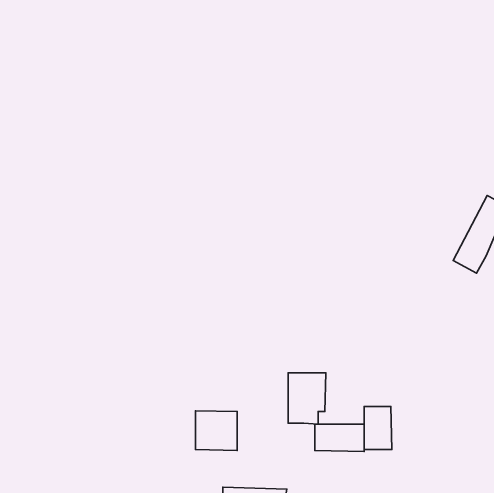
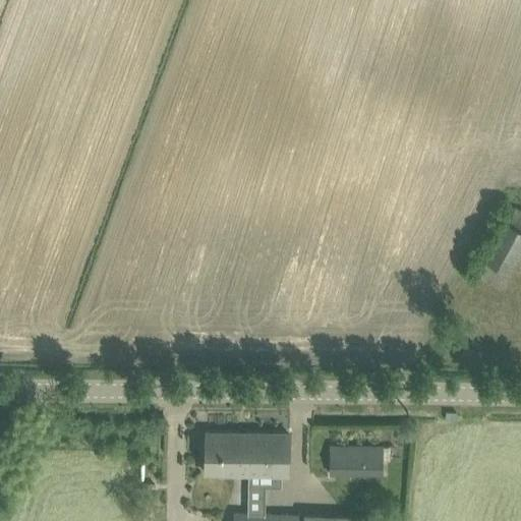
building: [288,373,326,424] -> [250,435,290,488]
building: [364,407,392,450] -> none

